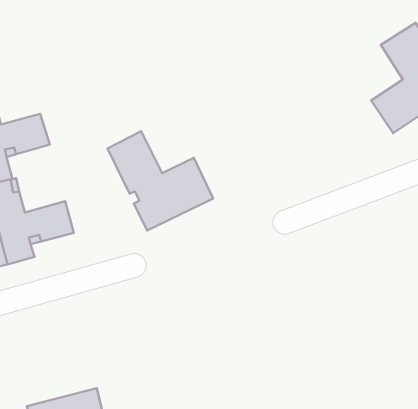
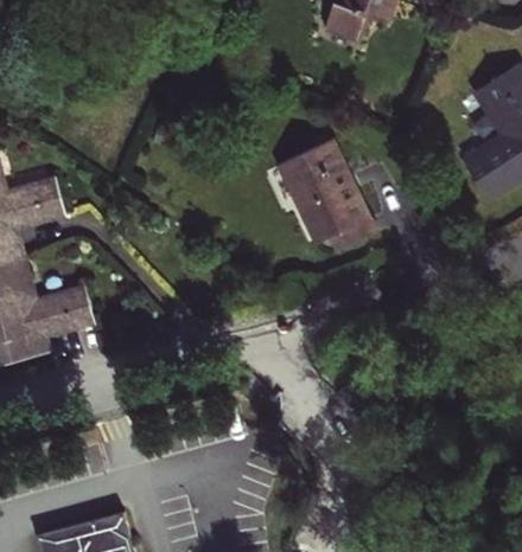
building: none -> [278,140,378,253]
building: [107,131,213,230] -> none

